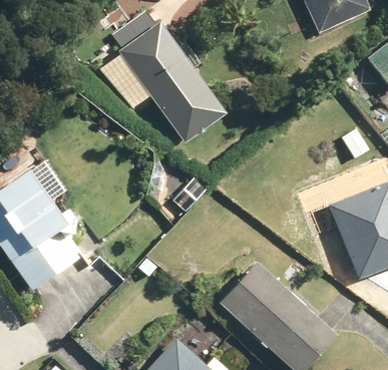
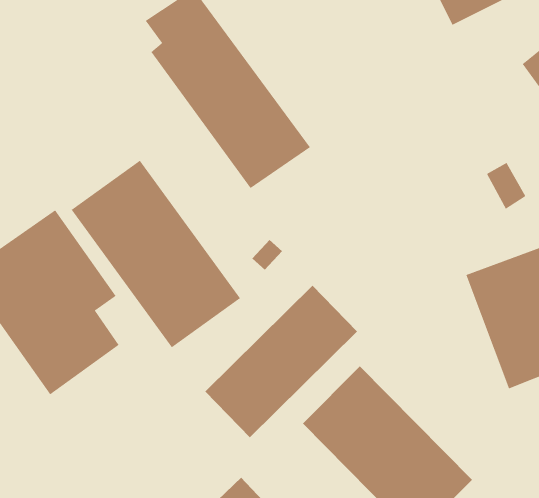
building: none -> [71,160,241,348]
building: none -> [204,285,358,438]

